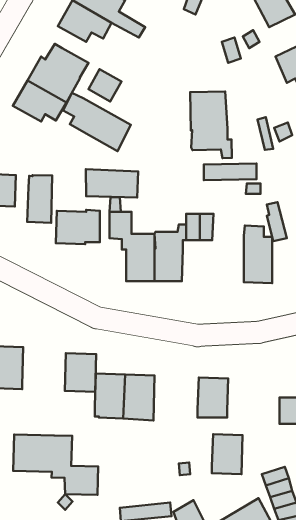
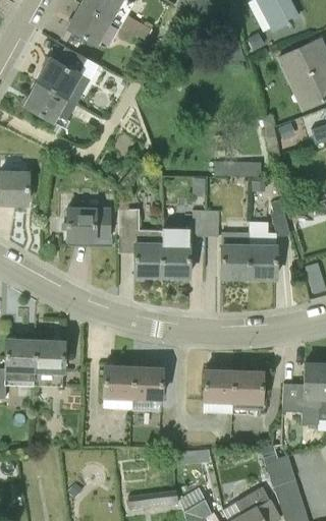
building: [88,69,121,101] -> none
building: [190,91,232,158] -> none
building: [63,93,131,151] -> none
building: [86,169,138,197] -> none
building: [27,175,52,223] -> none
building: none -> [221,232,249,277]
building: [65,353,96,392] -> [34,340,64,378]
building: [212,434,242,474] -> [232,370,262,409]
building: [13,434,98,495] -> none

